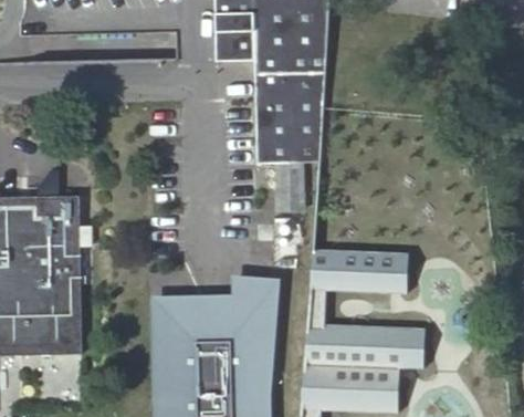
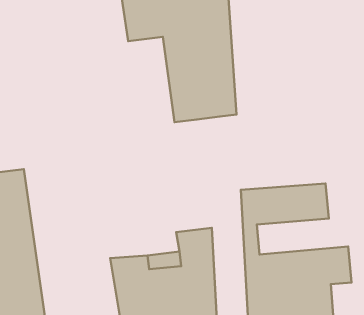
building: [273,163,300,211] -> none

